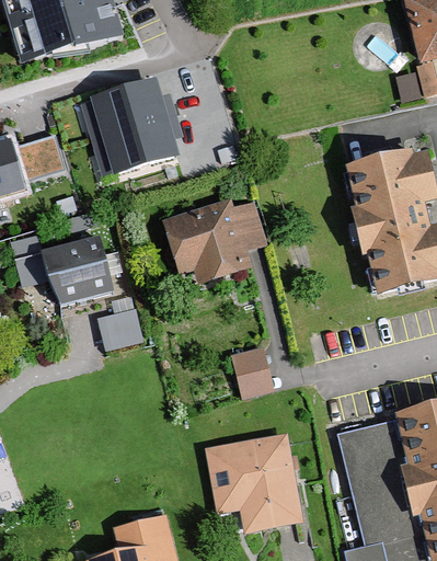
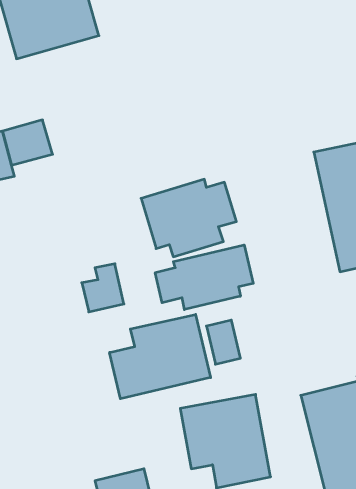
building: [85,84,175,179] -> none
building: [43,236,112,305] -> none
building: none -> [155,245,253,310]
building: none -> [110,314,211,399]

